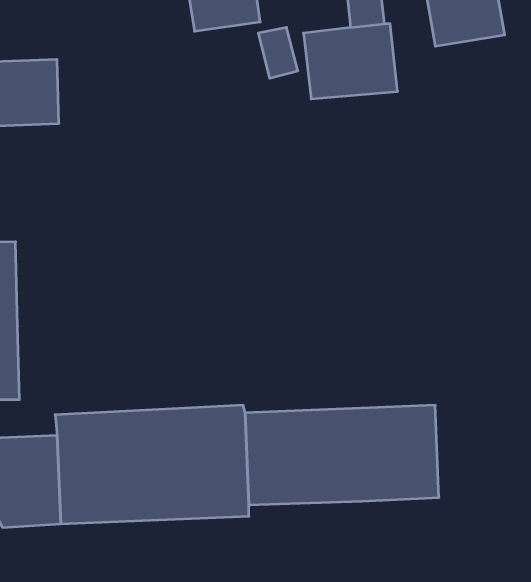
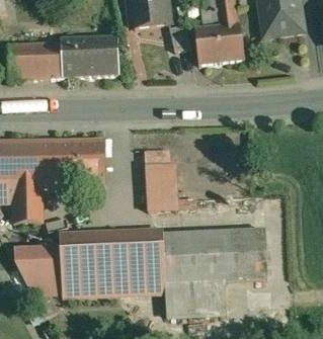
building: none -> [60,35,117,76]
building: none -> [38,139,105,185]
building: none -> [145,162,177,209]
building: none -> [164,279,226,316]

